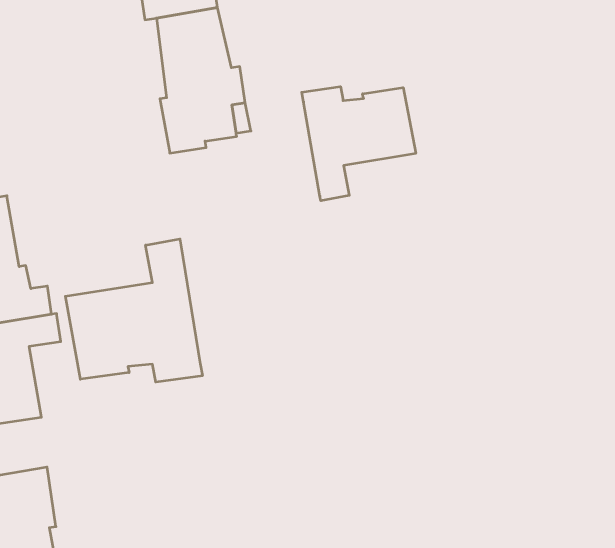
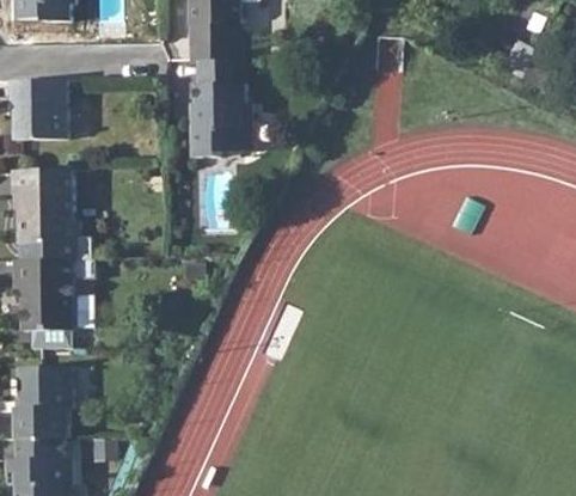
building: [302,87,416,201] -> none
building: [65,239,202,382] -> none

